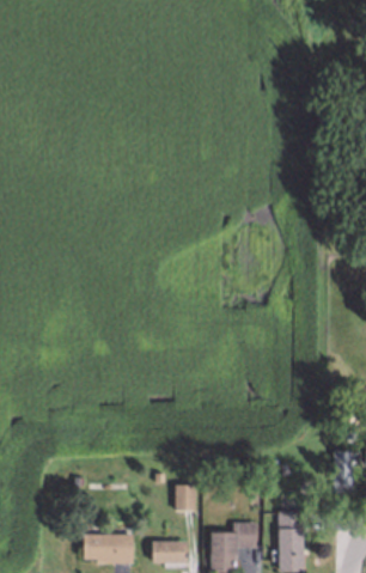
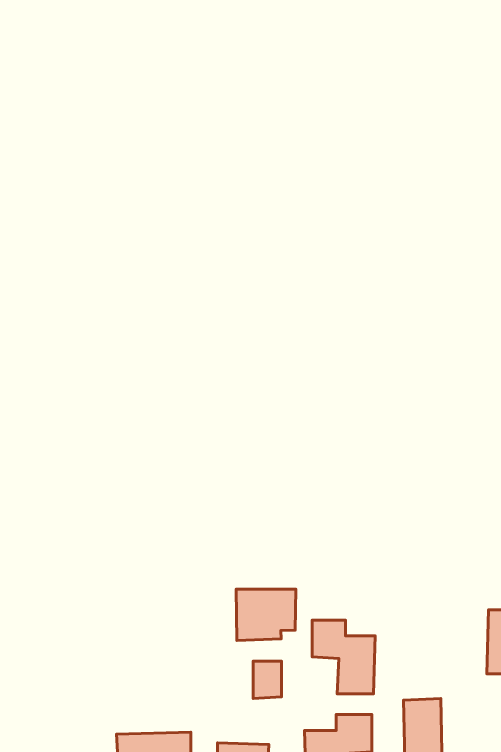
building: none -> [236,589,296,640]
building: none -> [312,620,375,694]

